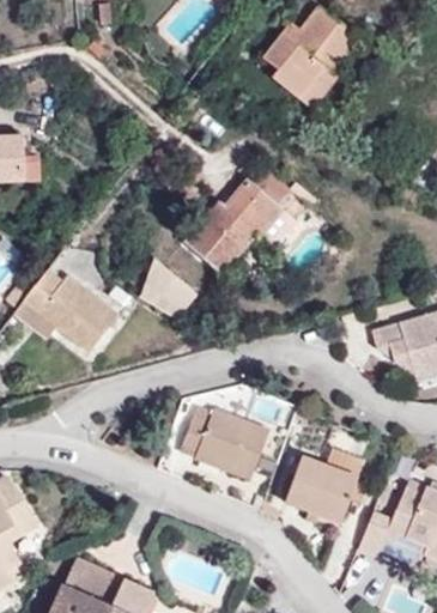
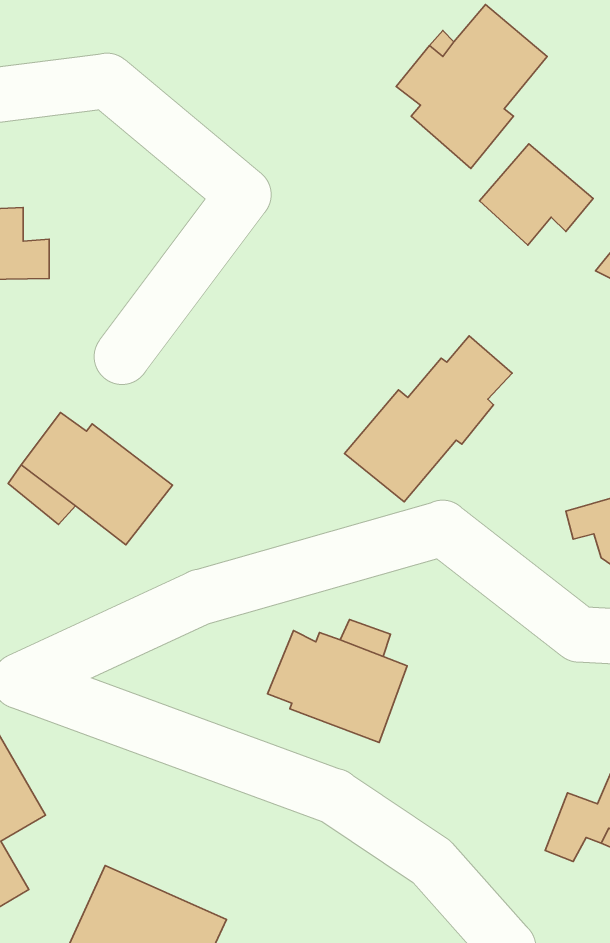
building: none -> [480,144,593,245]
building: [184,166,292,273] -> [344,336,512,502]
building: [138,261,200,320] -> none
building: [284,456,358,522] -> none

